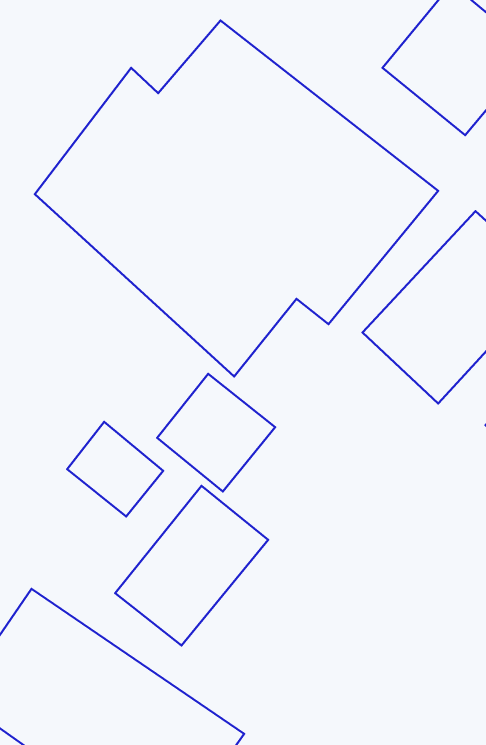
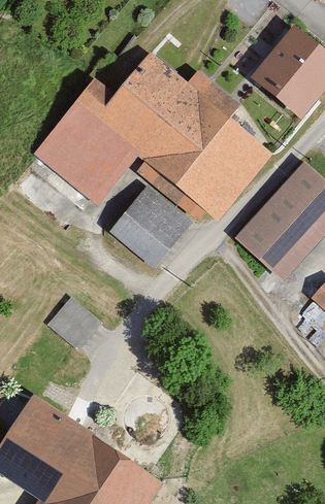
building: [157,374,275,491] -> none
building: [115,486,268,645] -> none

